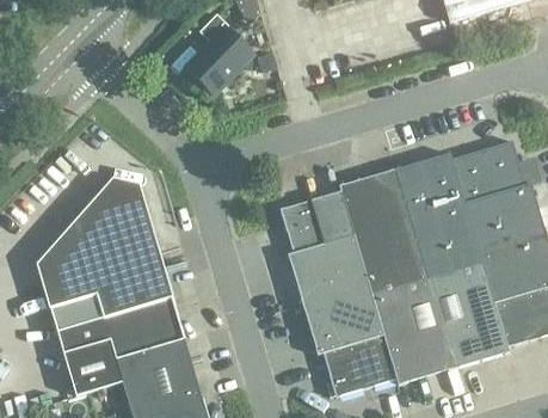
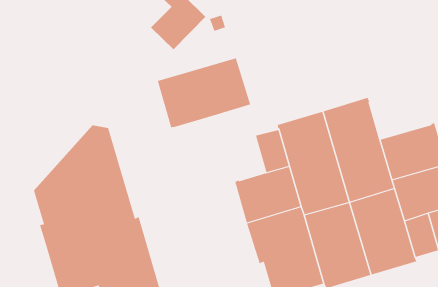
building: none -> [157,58,251,128]
building: [451,140,527,203] -> none
building: [281,198,326,253] -> none

